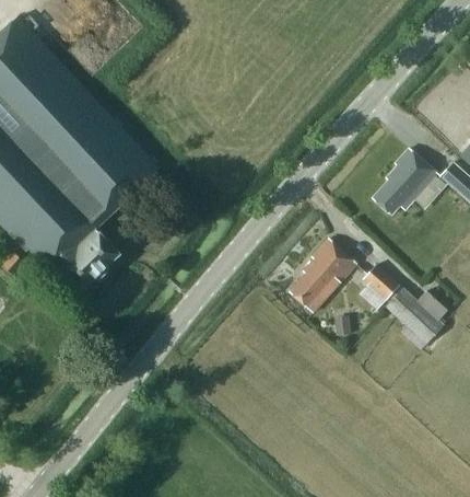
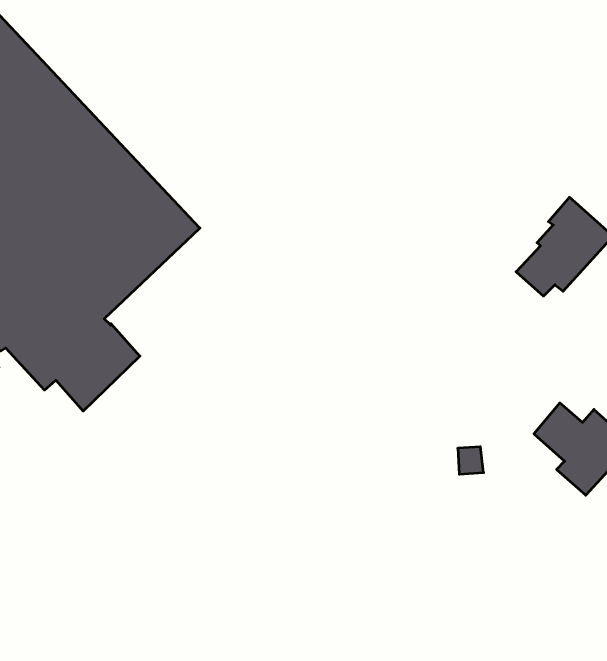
building: [289,236,359,310] -> none
building: [361,263,400,300] -> none

